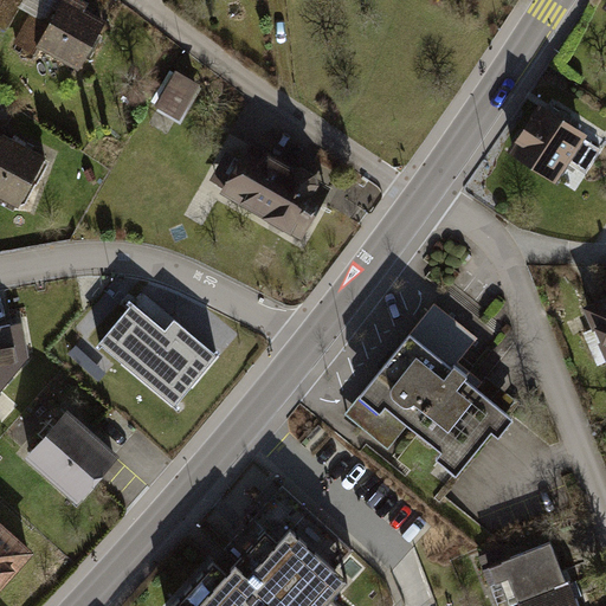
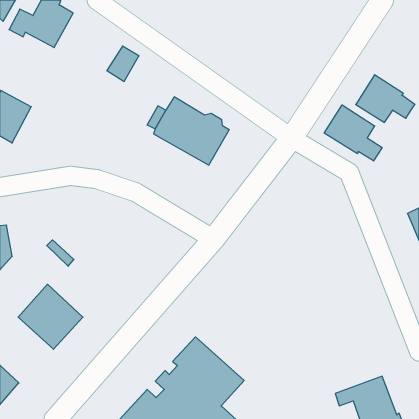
building: none -> [324,105,382,161]
building: [343,304,507,468] -> none
building: [101,305,219,407] -> none

